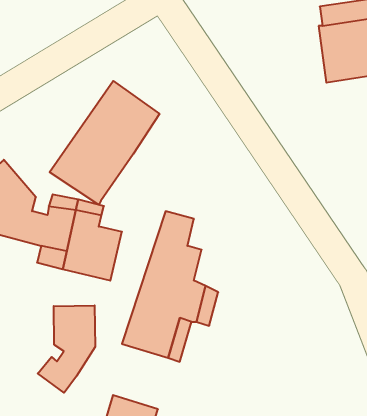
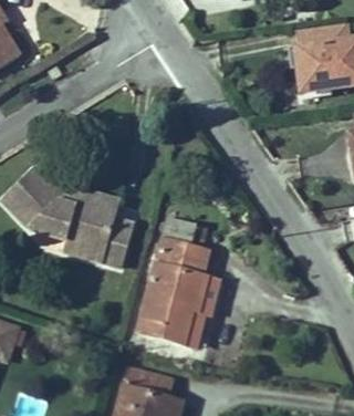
building: [50,81,159,205] -> none
building: [38,305,95,393] -> none

